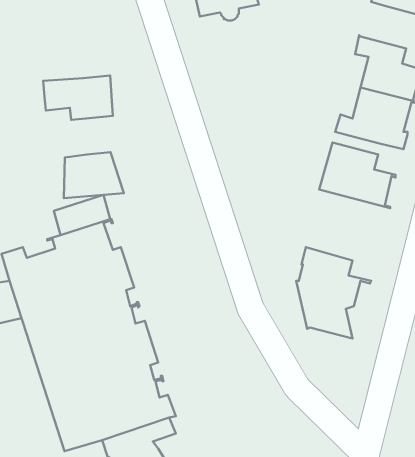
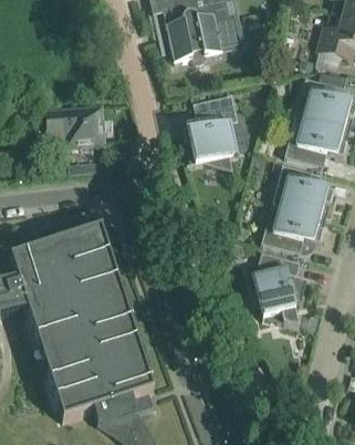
building: none -> [179,91,238,168]
building: [64,152,124,198] -> none
building: none -> [260,201,330,256]

